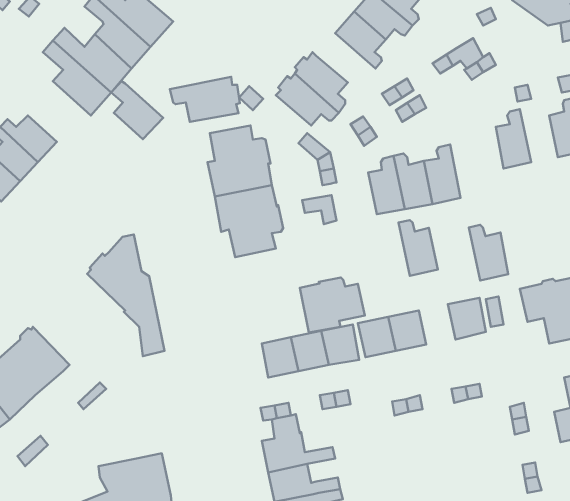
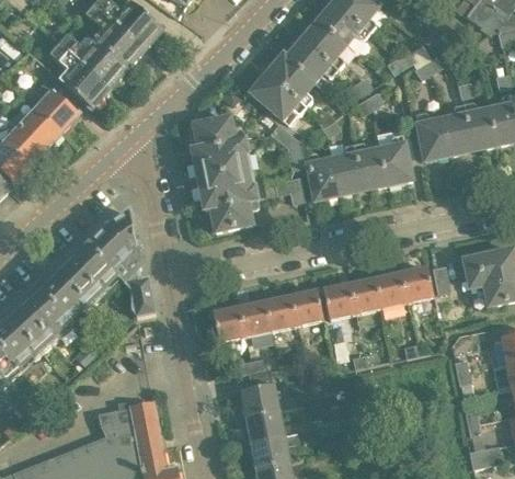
building: none -> [286,37,337,80]
building: [170,77,240,122] -> none
building: [111,81,163,139] -> [34,81,79,132]
building: none -> [462,101,495,149]
building: [399,220,438,276] -> [305,151,339,199]
building: [469,225,508,281] -> [414,112,448,160]
building: none -> [41,246,121,324]
building: [300,277,365,333] -> none
building: none -> [375,272,407,307]
building: none -> [211,306,244,341]

